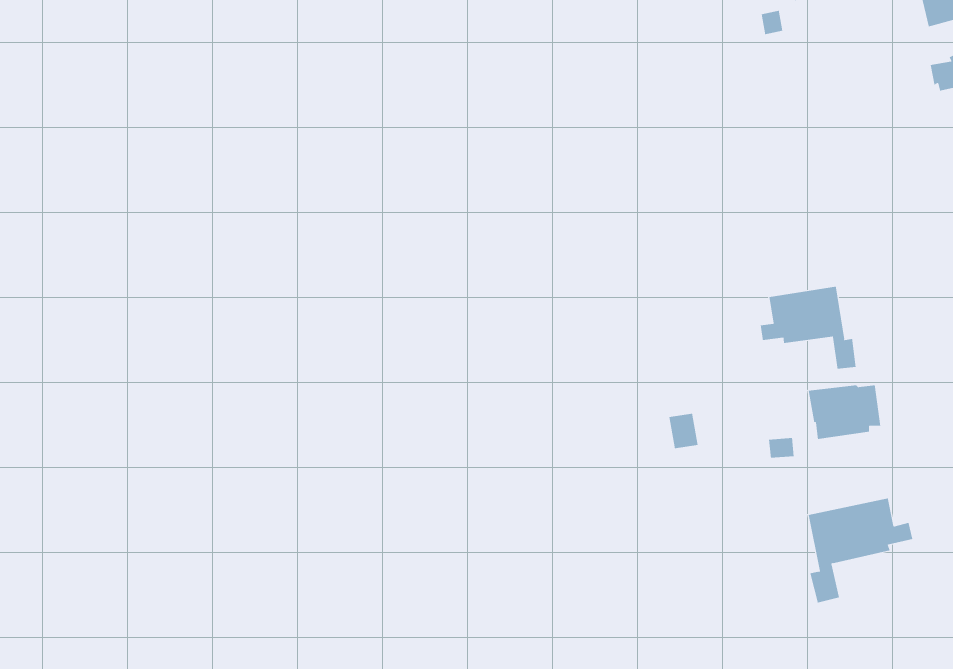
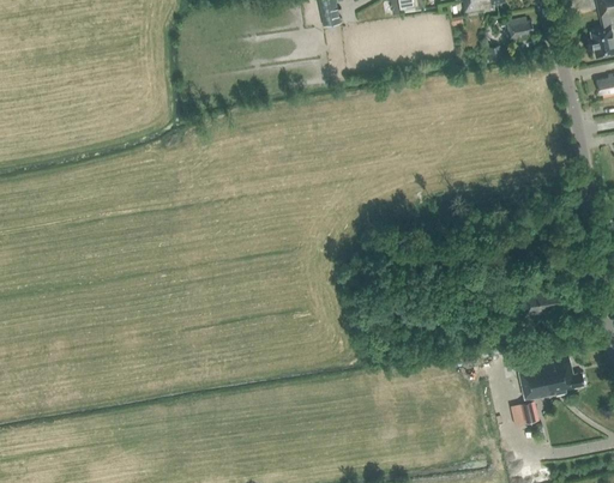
building: [760,286,856,370] -> none

